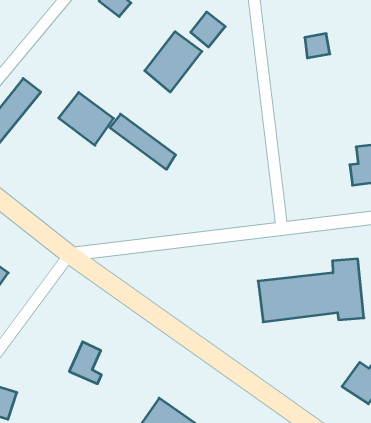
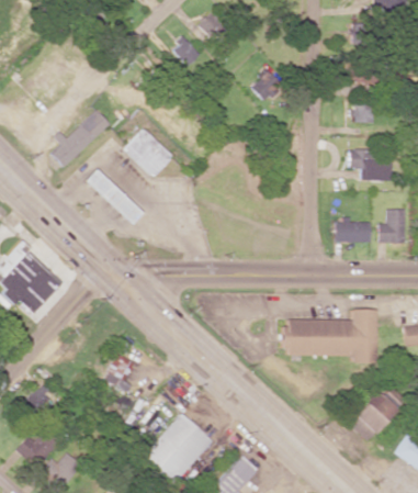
building: [145,32,202,92] -> none
building: none -> [350,149,392,180]
building: [110,114,176,169] -> [84,169,140,224]
building: none -> [336,221,372,243]

